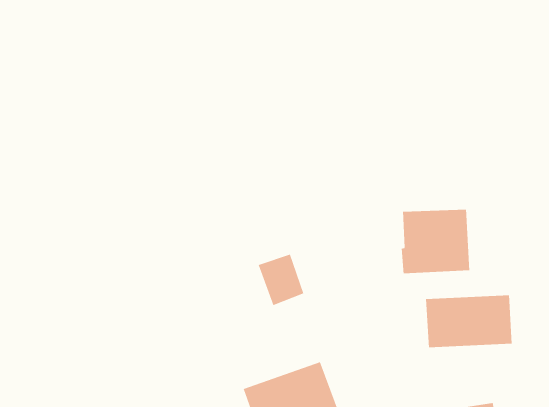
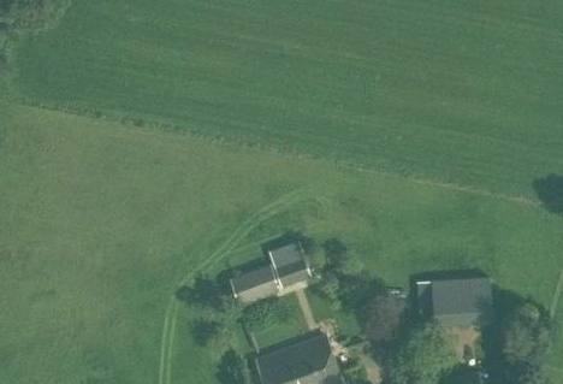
building: [401,209,470,274] -> none
building: none -> [227,265,278,307]

